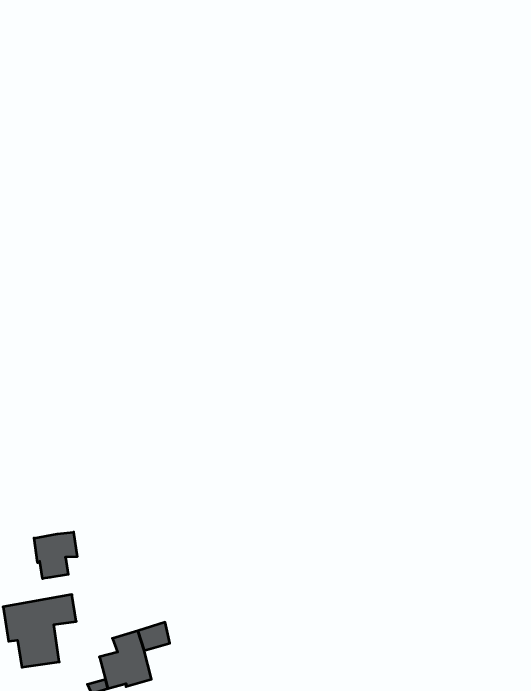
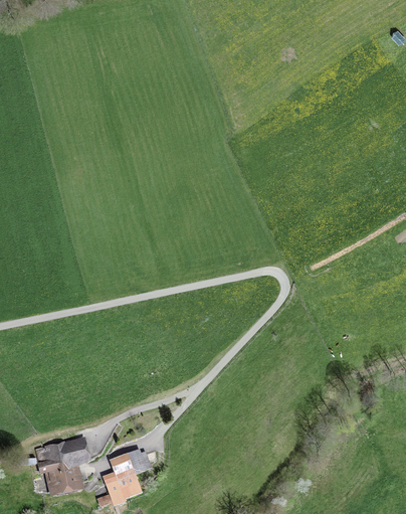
building: [34,532,77,579] -> none

